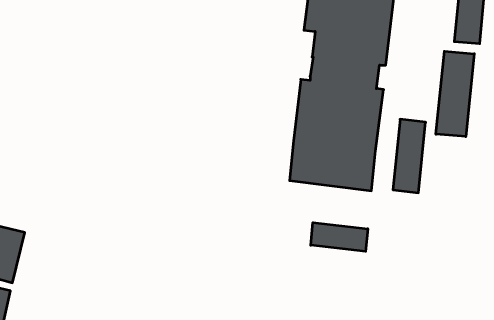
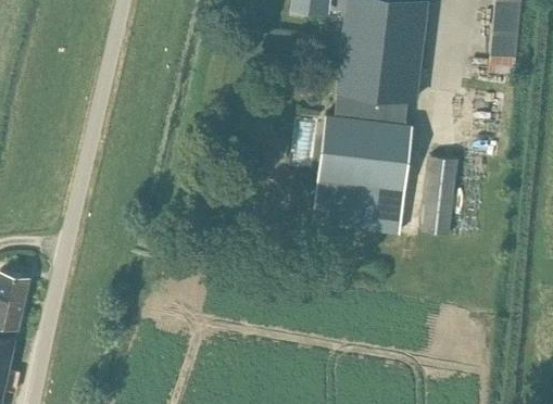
building: [436,51,474,137] -> none
building: [311,223,368,251] -> none

